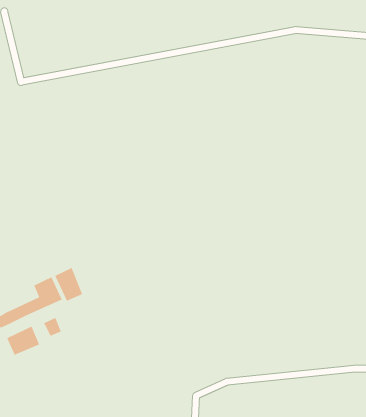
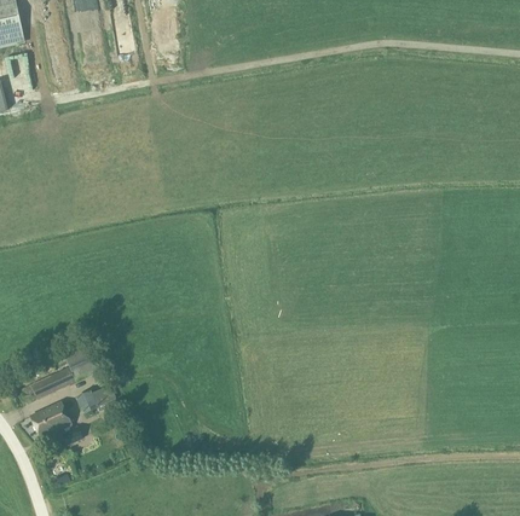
building: [54,267,83,302] -> none

